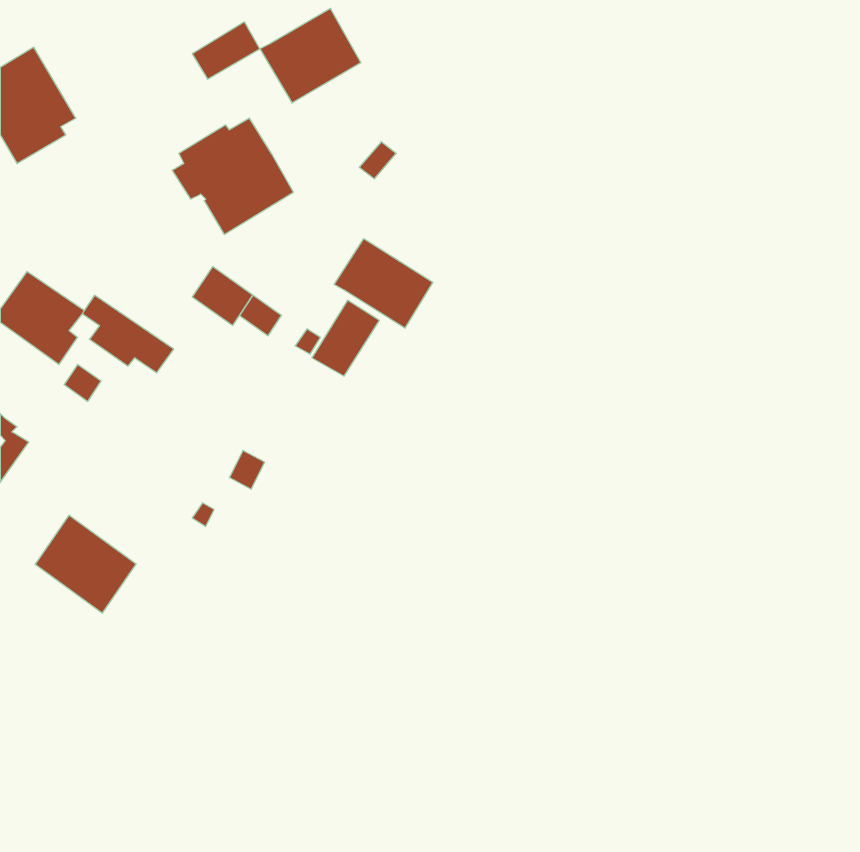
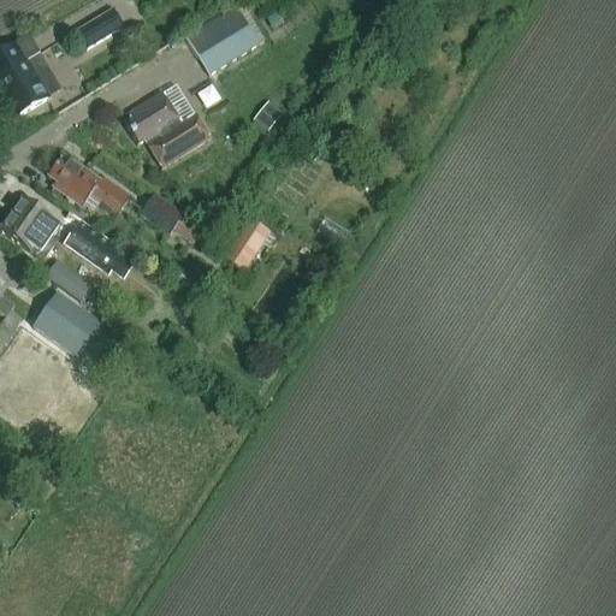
building: [192,22,260,79] -> [75,6,123,47]
building: none -> [47,156,129,213]
building: [334,239,433,328] -> none
building: [35,515,136,613] -> [34,290,106,360]

